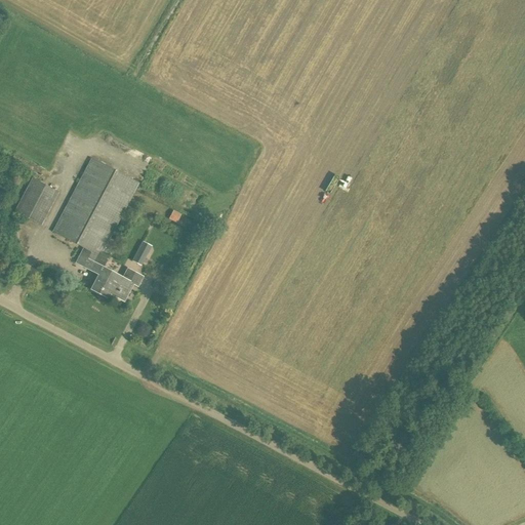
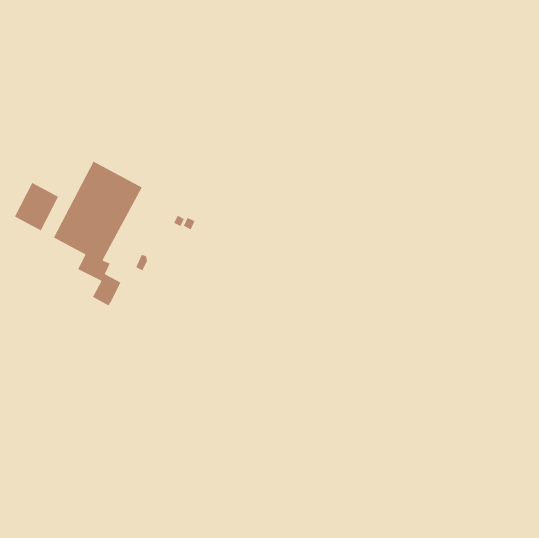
building: [109,267,142,300] -> none

